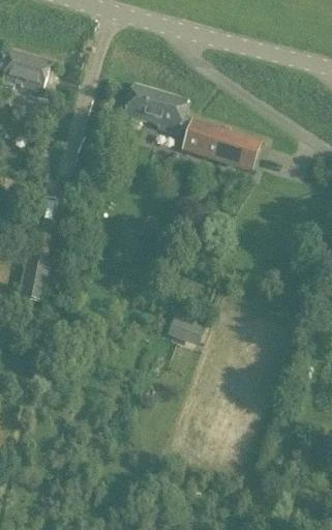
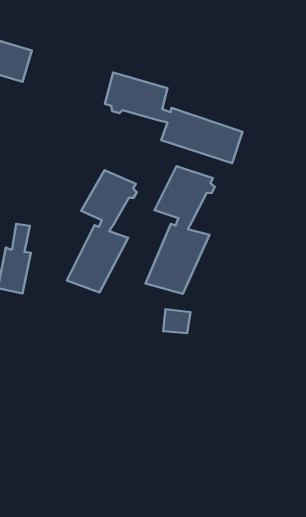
building: none -> [145,166,215,294]
building: none -> [67,170,137,293]

